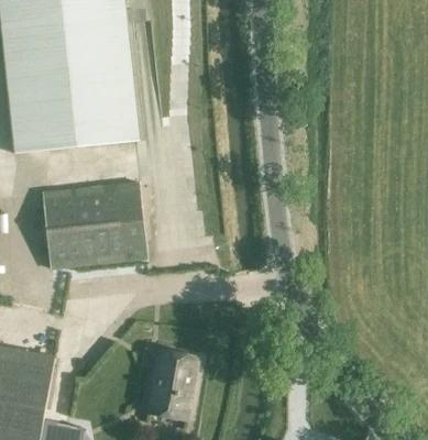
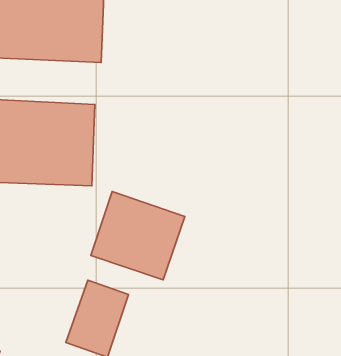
building: none -> [91,191,185,280]

